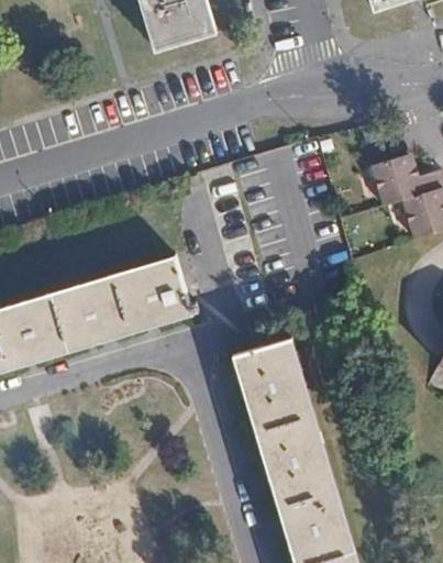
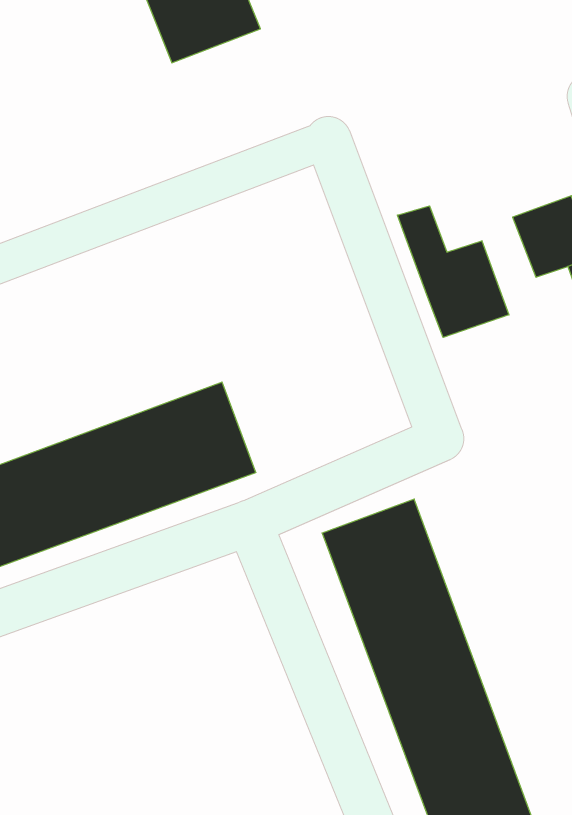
building: none -> [397,206,509,337]

